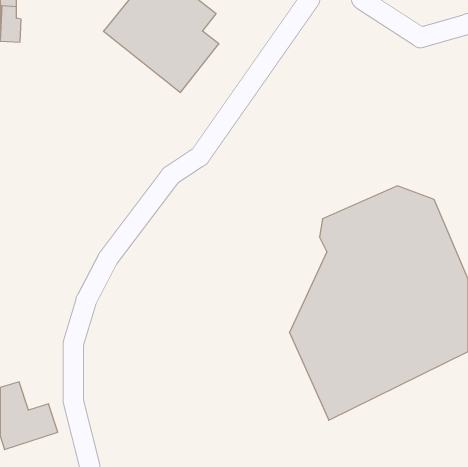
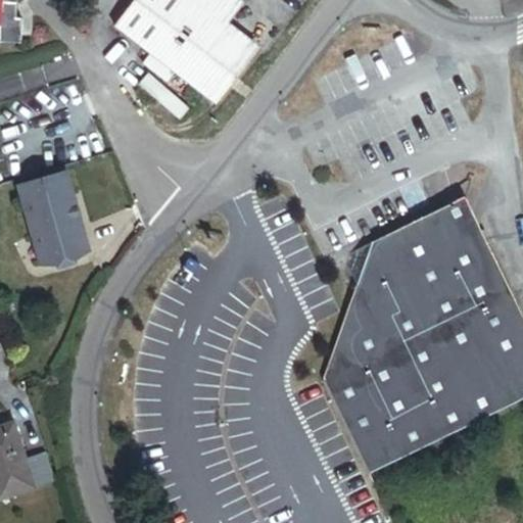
building: none -> [15,173,92,268]

